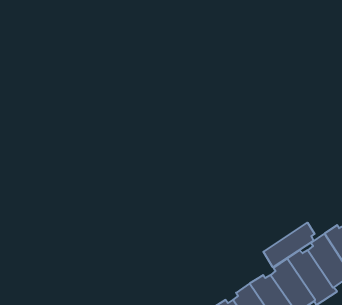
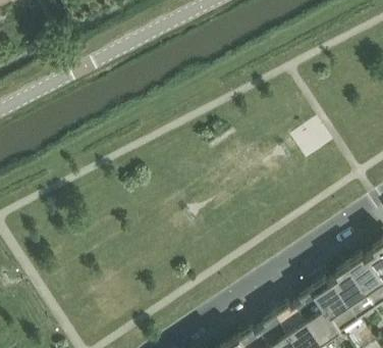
building: [263,223,315,267] -> none

